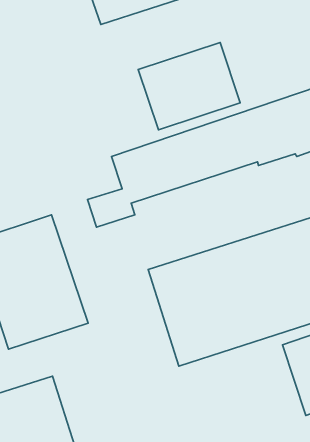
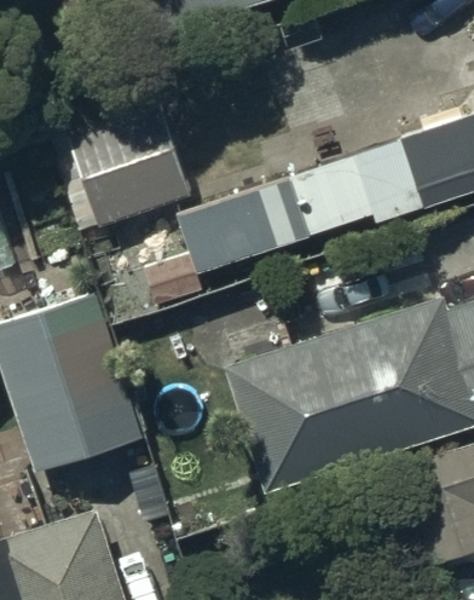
building: [138,43,240,130] -> none
building: none -> [64,99,192,229]

